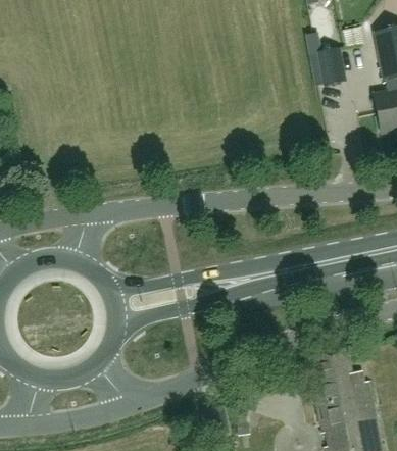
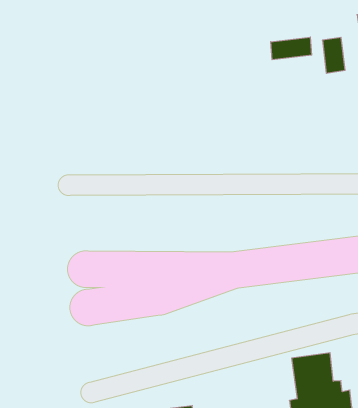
building: none -> [271,37,312,60]

